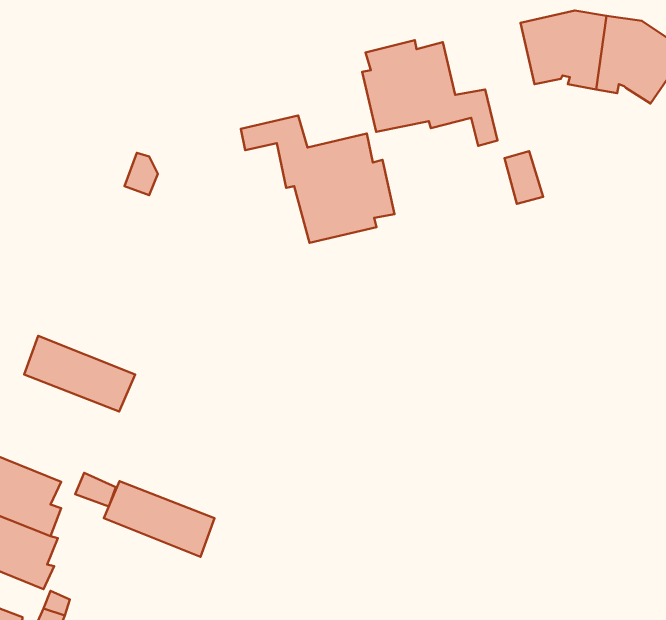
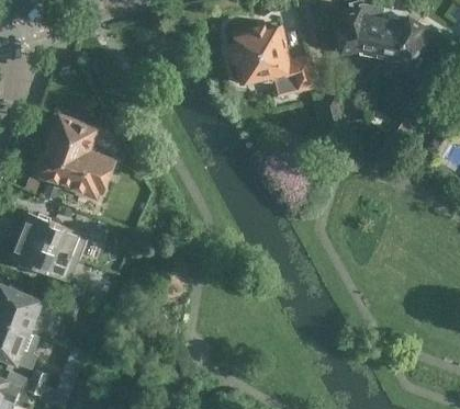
building: [241,116,394,243] -> none
building: none -> [34,117,112,196]
building: [104,481,215,557] -> [10,236,79,283]

